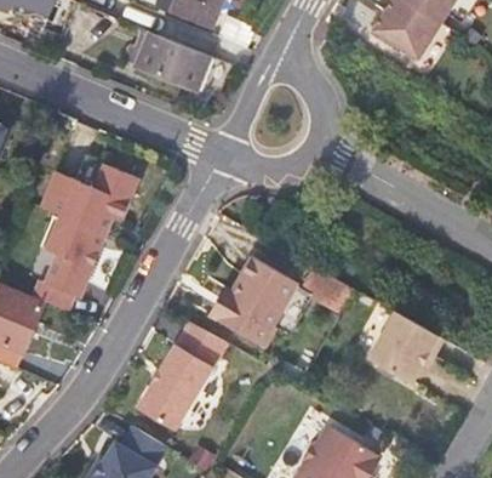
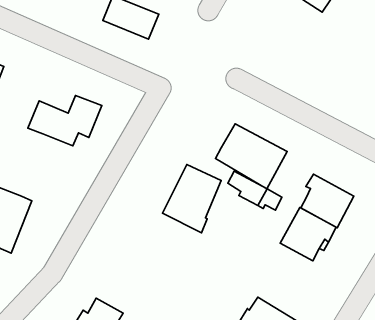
building: none -> [215,124,287,189]
building: [32,215,98,311] -> none
building: none -> [301,174,354,228]
building: [132,325,222,432] -> none

